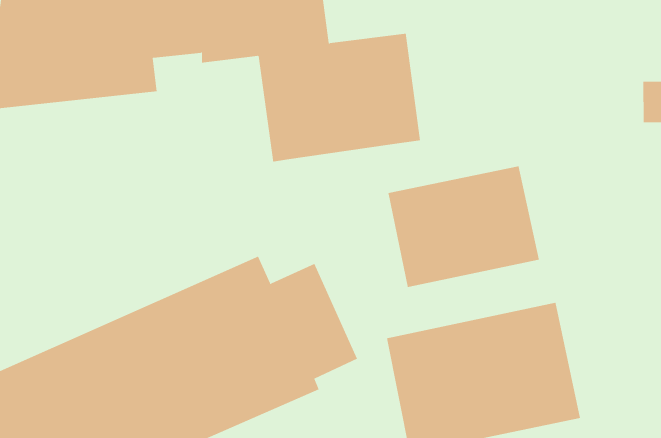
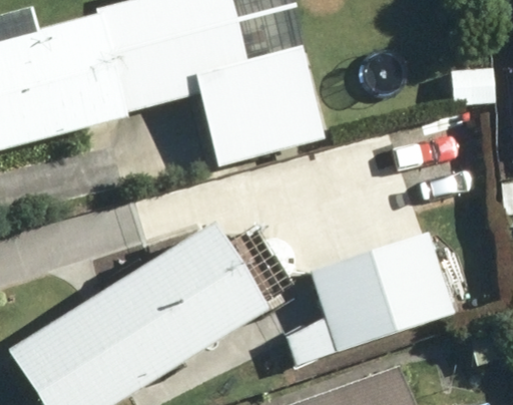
building: [388,166,539,288] -> none

